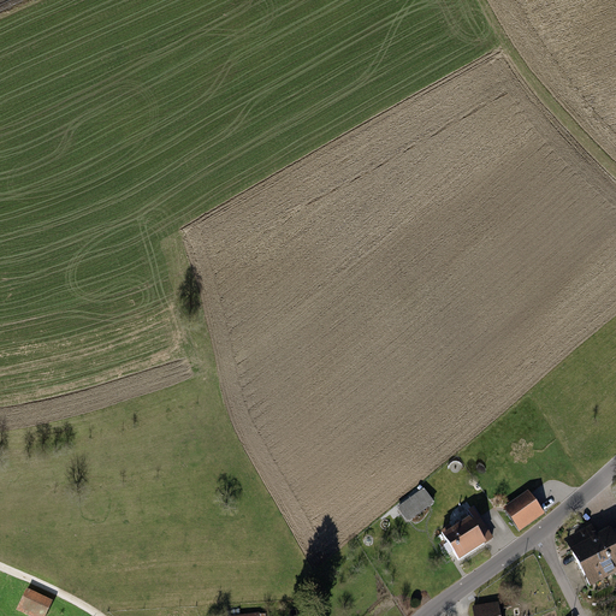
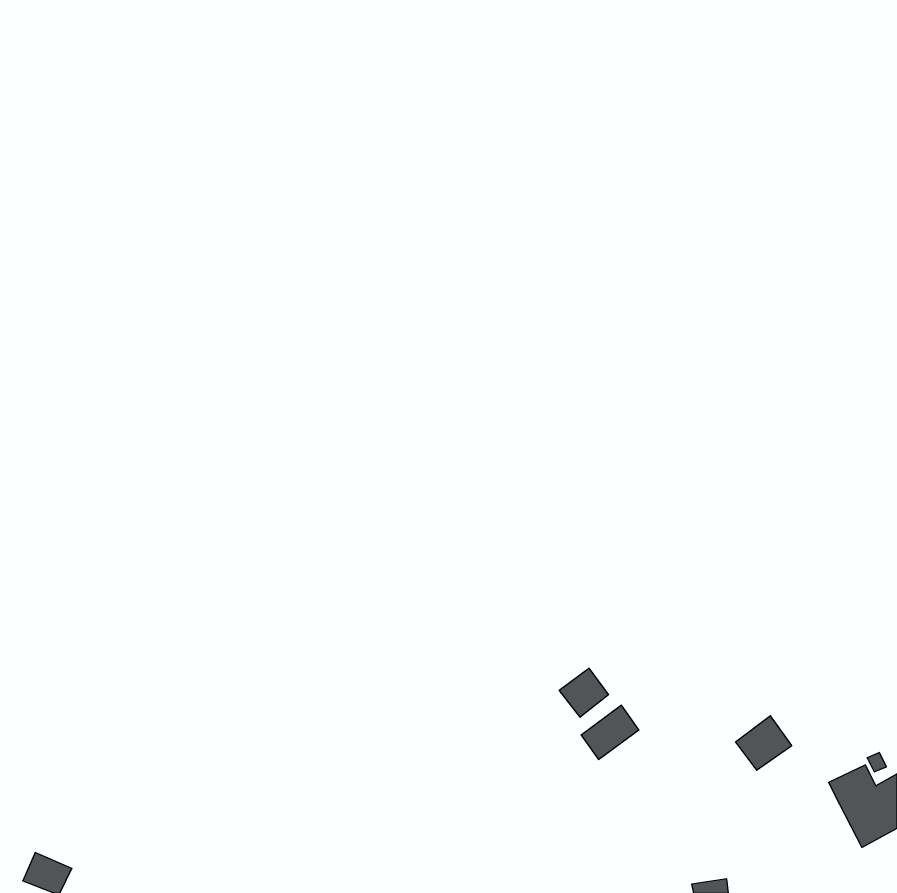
building: none -> [559,668,608,717]
building: [442,519,488,561] -> none

